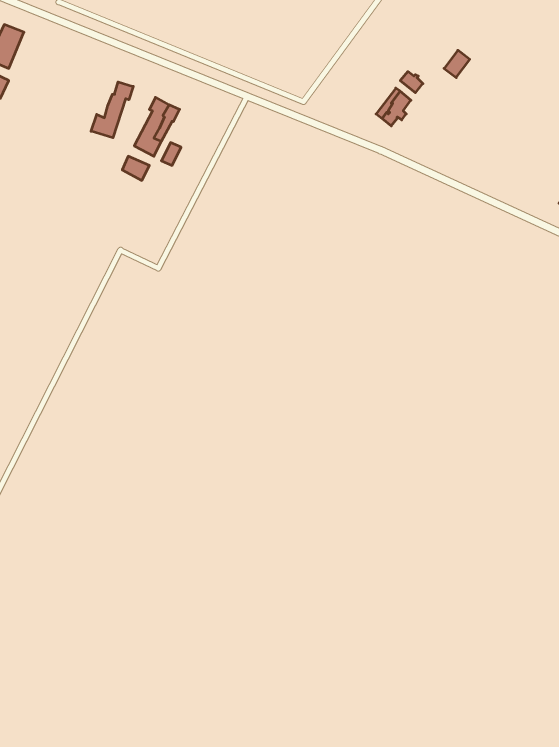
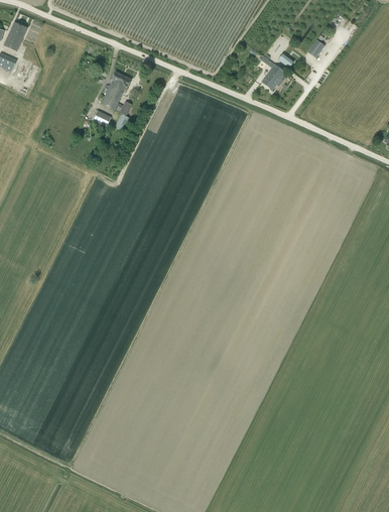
building: [91,82,133,138] -> none

